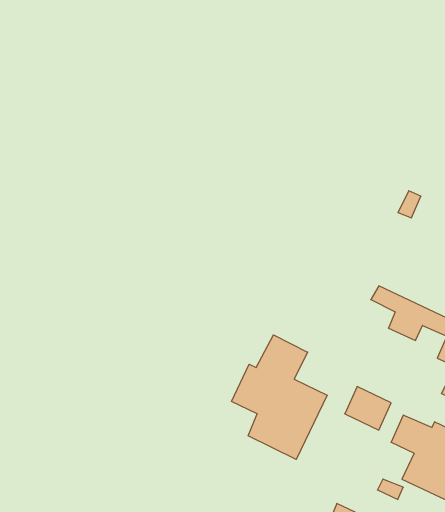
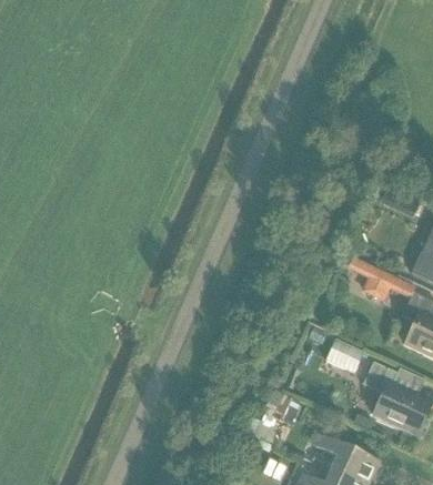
building: [232,335,327,459] -> none

